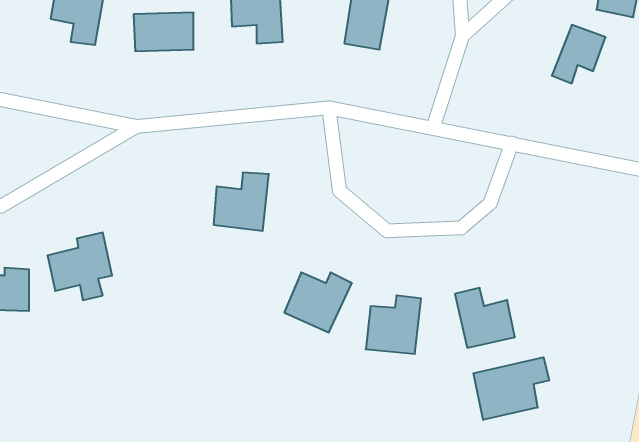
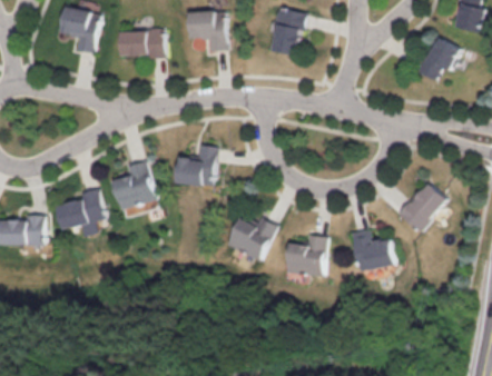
building: none -> [112,160,154,209]
building: none -> [398,181,447,231]
building: [473,357,549,420] -> none

